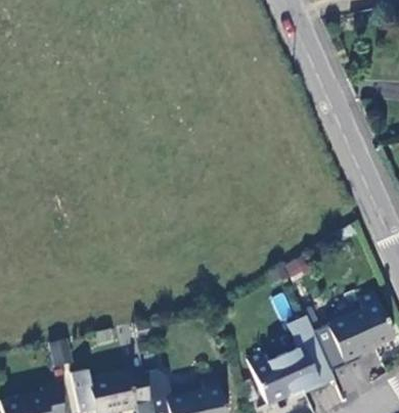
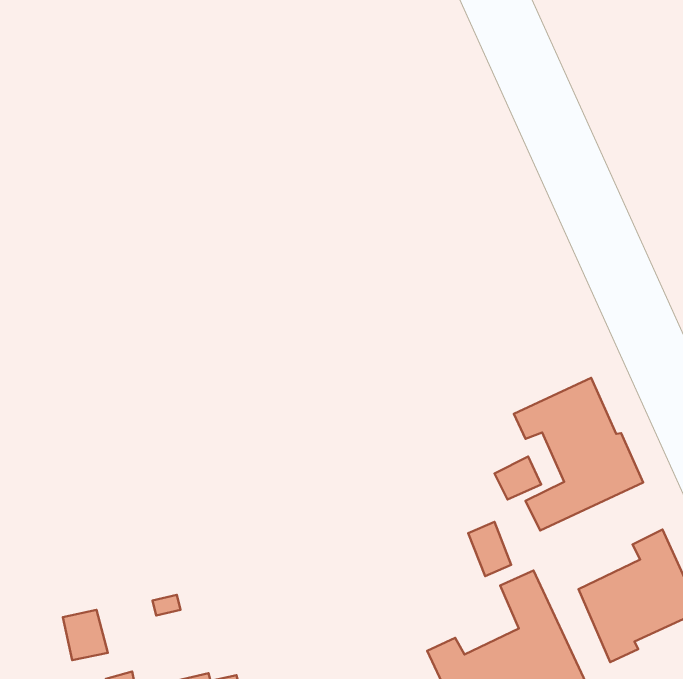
building: none -> [514,378,643,531]

